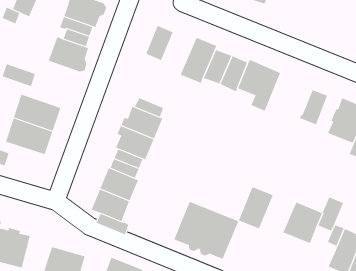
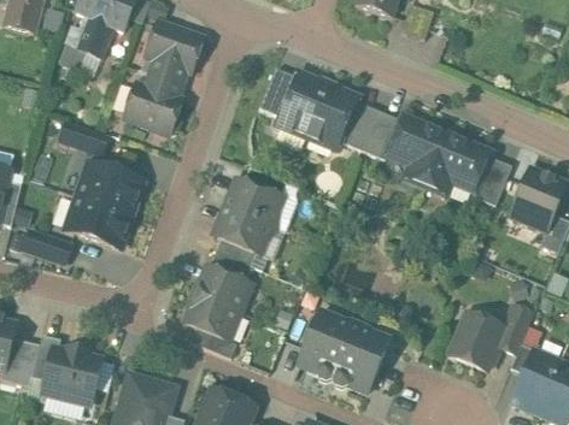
building: none -> [277,72,329,136]
building: none -> [424,134,491,195]
building: [238,186,273,229] -> none

